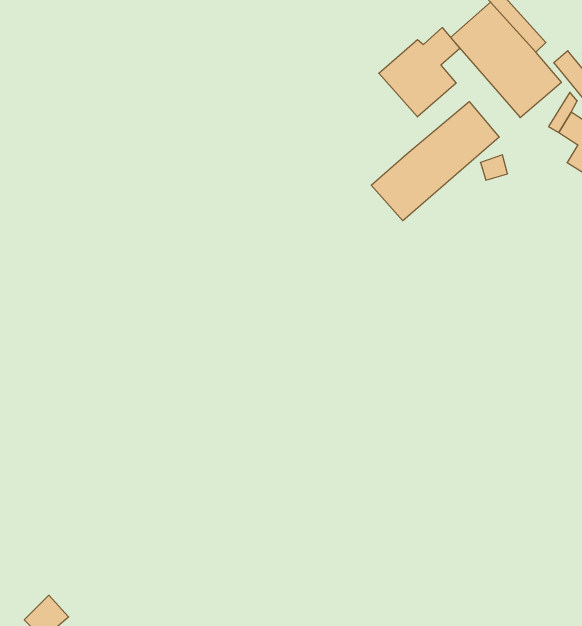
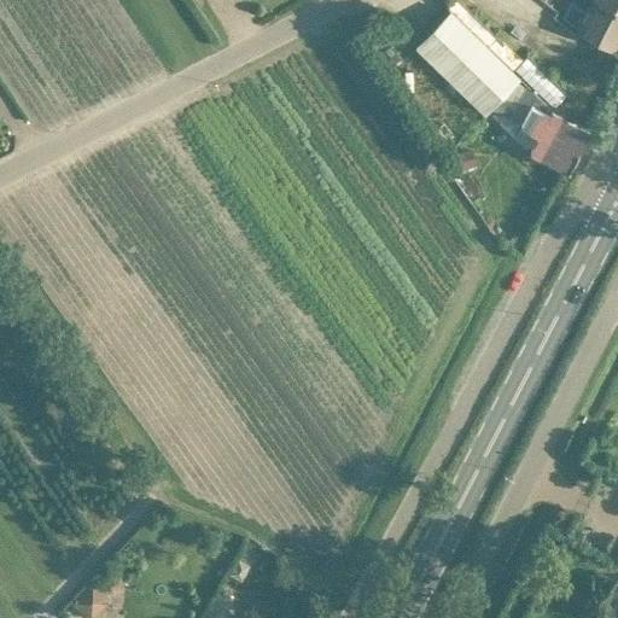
building: [379,28,460,117] -> none
building: [371,102,499,221] -> none

